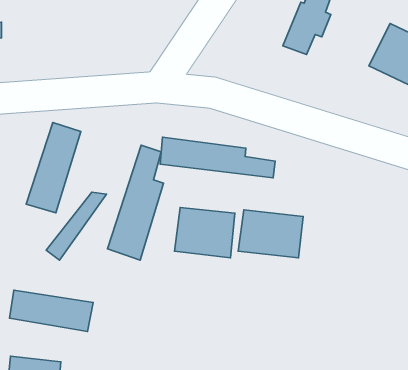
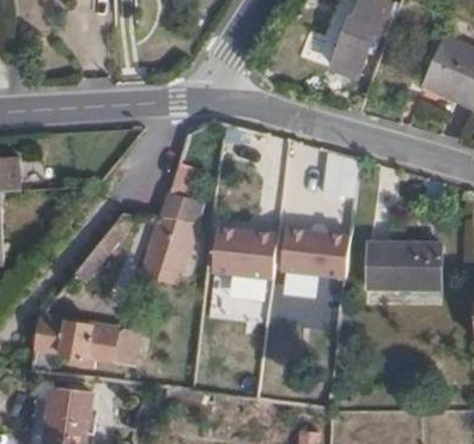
building: [26,123,81,213] -> none
building: [160,137,275,178] -> none
building: none -> [372,241,444,288]

